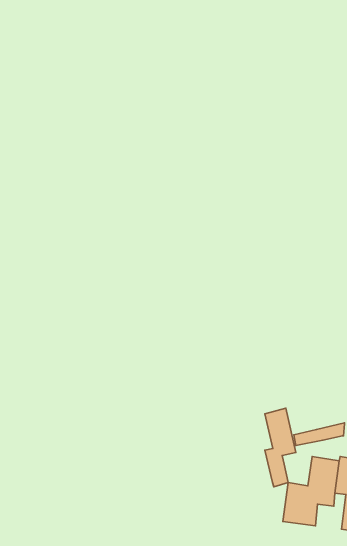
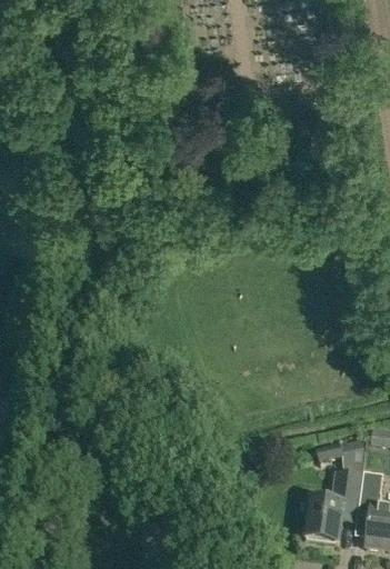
building: [265,408,296,487] -> none

